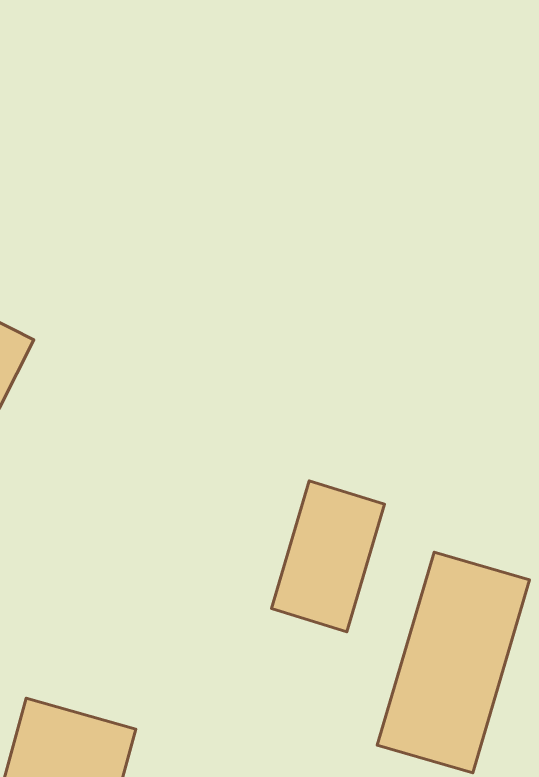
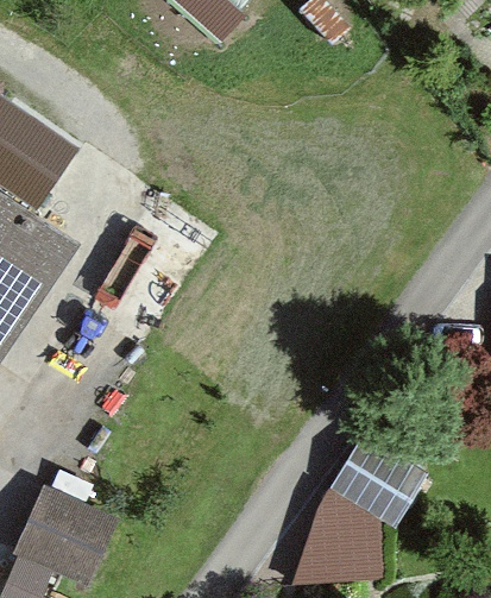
building: [271,481,384,632] -> none

